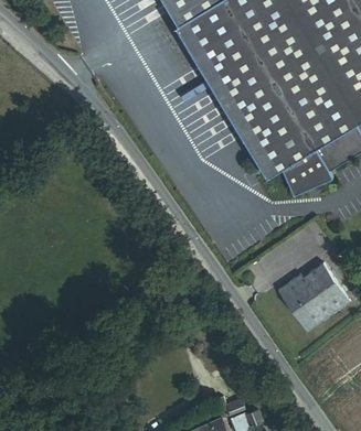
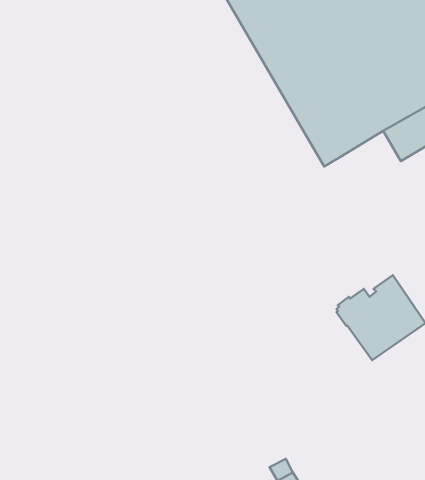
building: [278,138,329,186] -> none

